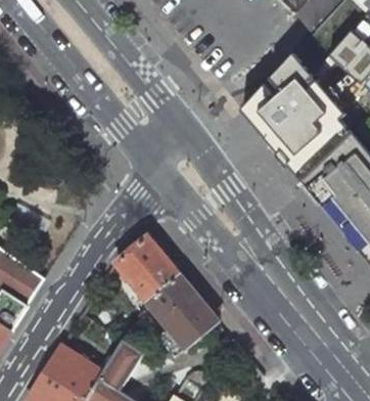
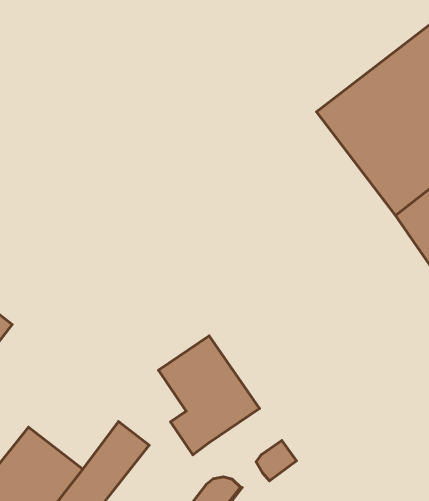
building: [117,235,181,300] -> none

